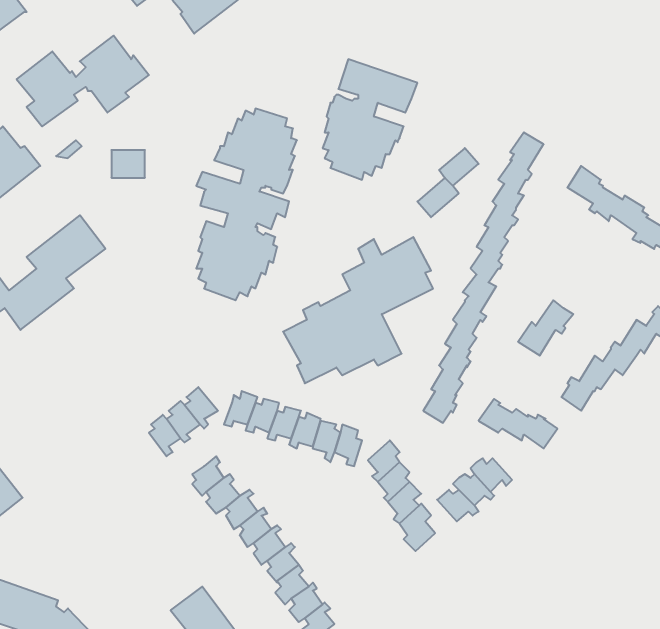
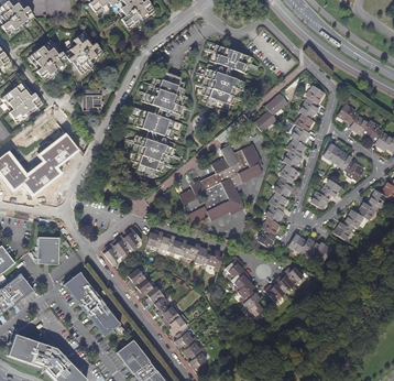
building: none -> [322,143,363,181]
building: none -> [36,236,58,263]
building: none -> [64,270,120,336]

